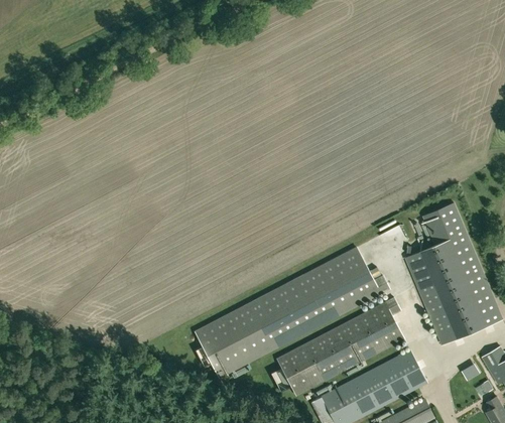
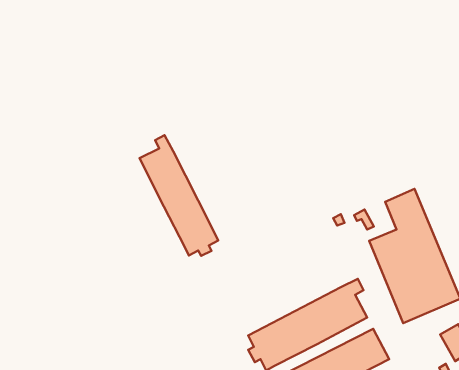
building: none -> [140,135,218,256]
building: [193,248,387,376] -> none

